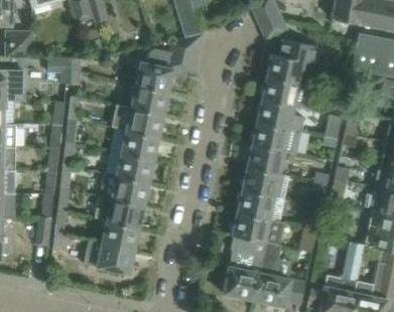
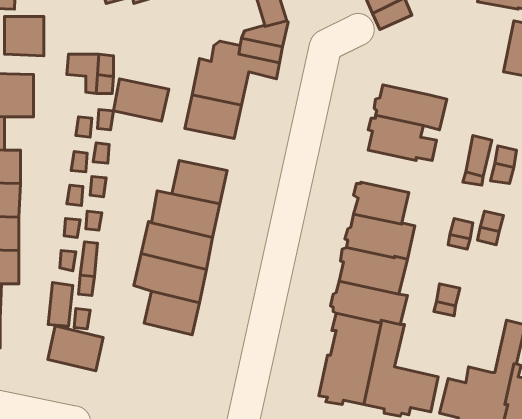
building: [267,38,315,85] -> none
building: [126,108,164,137] -> [114,79,169,121]
building: [250,123,301,155] -> none
building: [97,243,135,274] -> [48,326,103,371]

